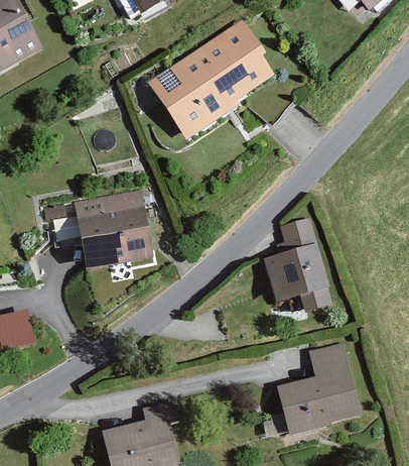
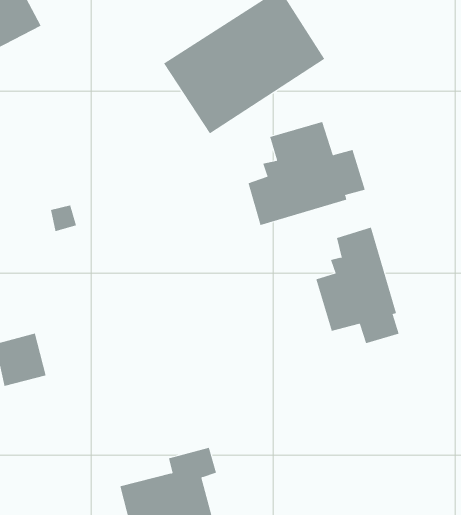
building: none -> [248,121,365,226]
building: [75,190,151,265] -> none
building: [277,342,362,434] -> none

